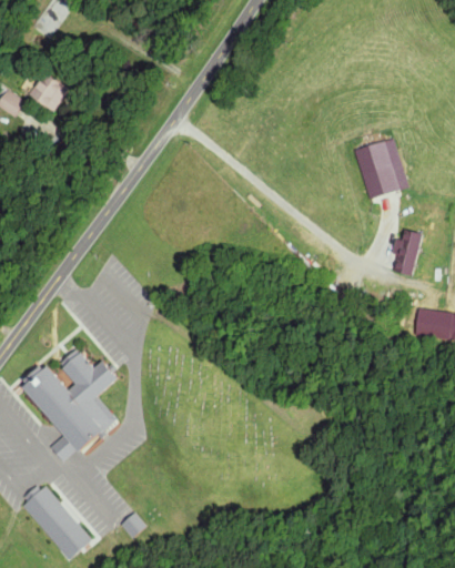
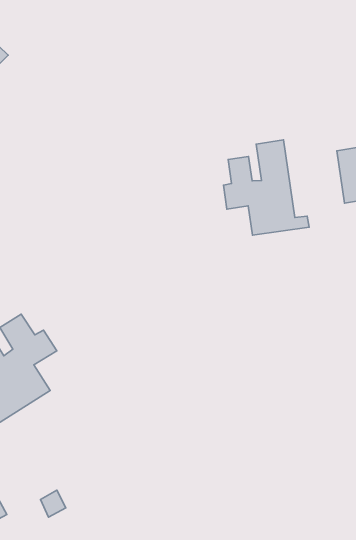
building: [30,73,69,111] -> none
building: none -> [224,140,309,235]

